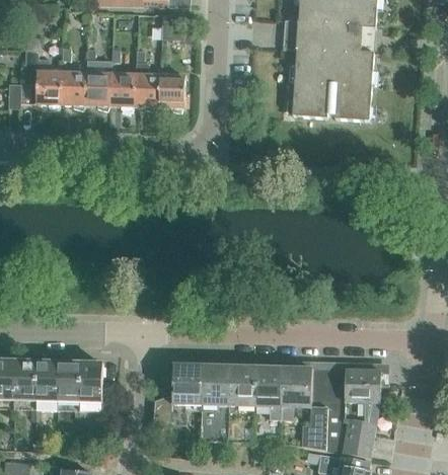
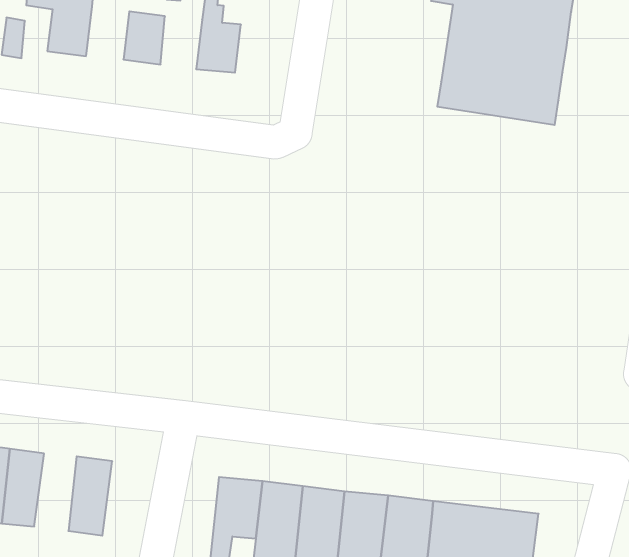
building: [62,70,87,102] -> none
building: [110,72,135,104] -> none
building: [159,73,185,105] -> none
building: [56,362,79,410] -> none

